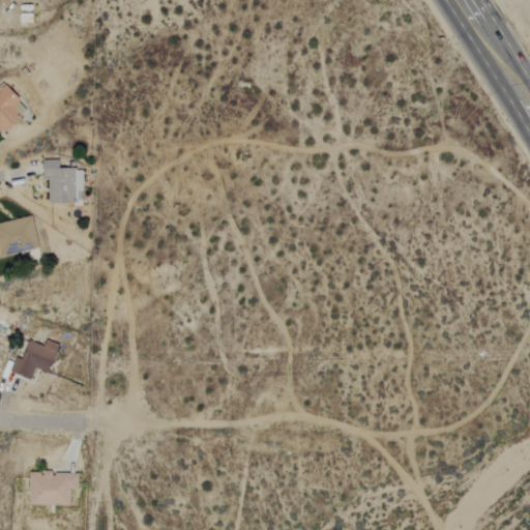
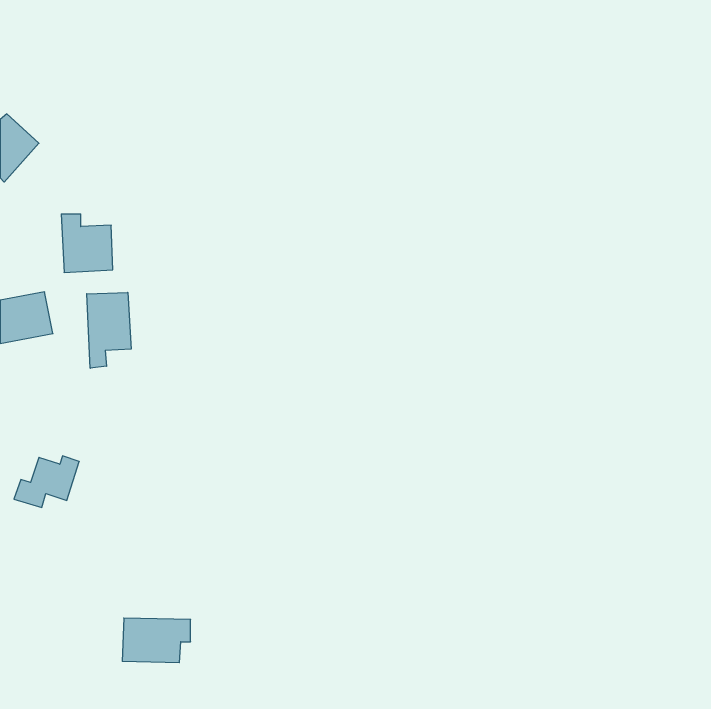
building: none -> [87,292,131,368]
building: [28,472,79,505] -> [122,618,191,663]

